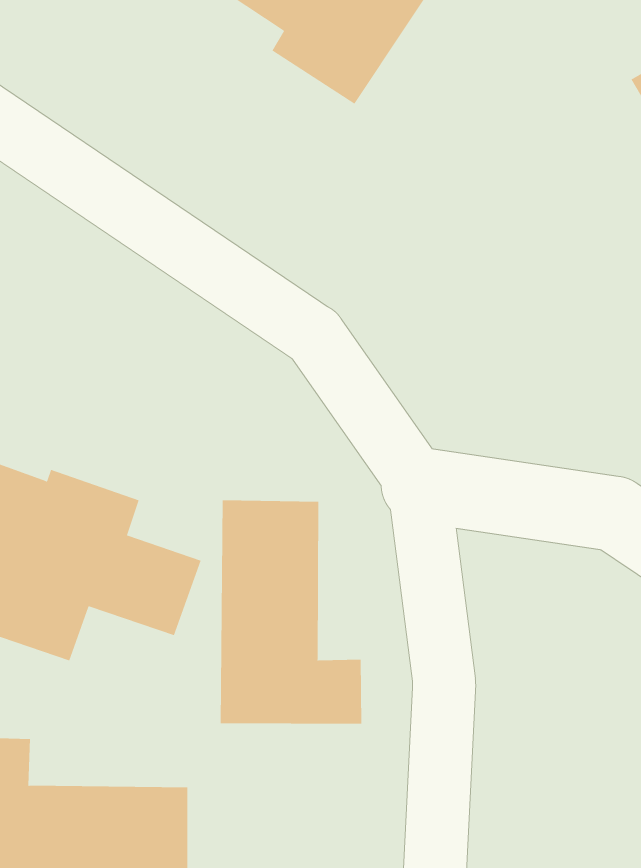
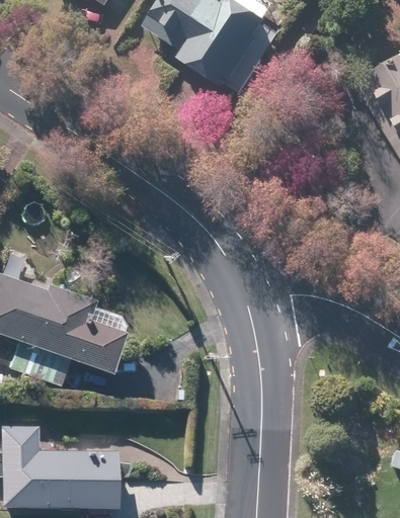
building: [220,499,362,725] -> none

